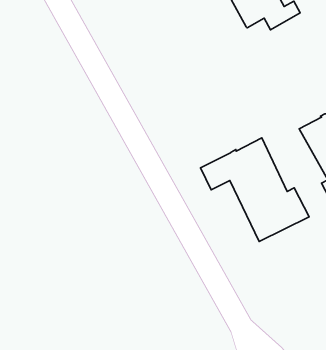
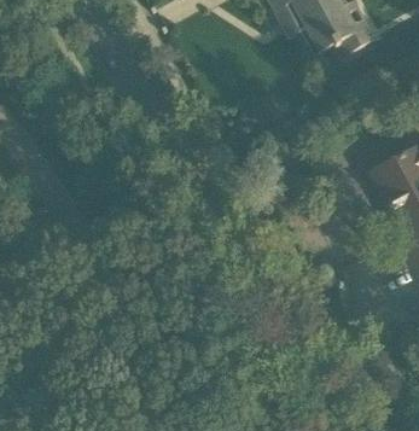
building: [201,138,309,241] -> none

